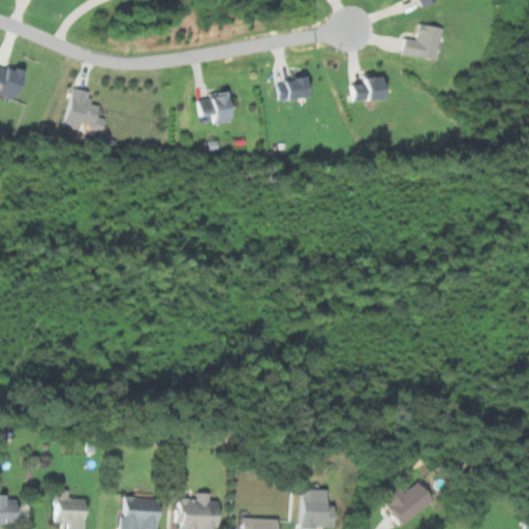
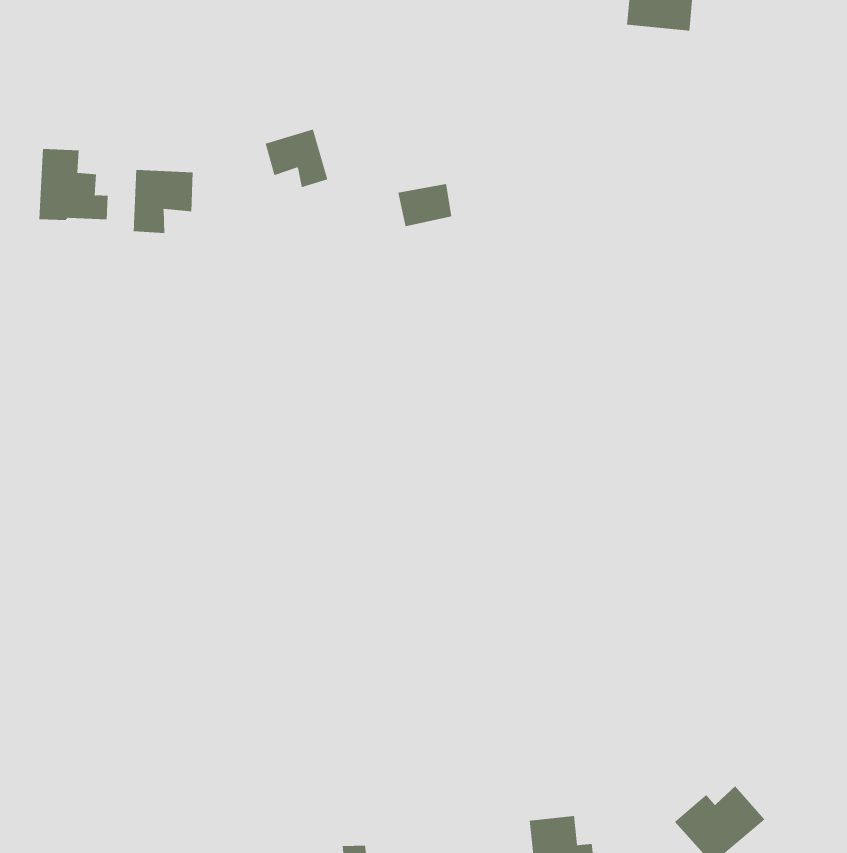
building: [352,76,382,101] -> none
building: [278,79,307,100] -> [397,183,452,227]
building: none -> [133,169,193,234]

